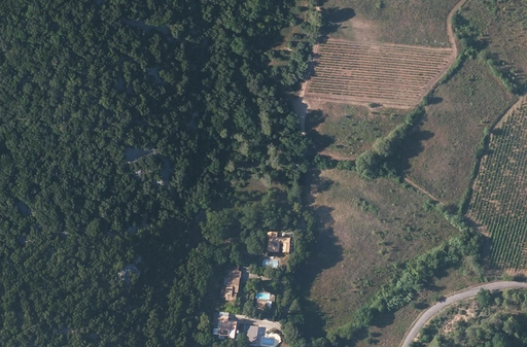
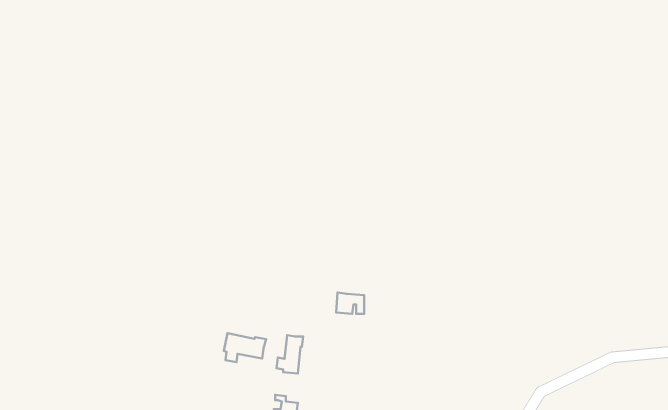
building: none -> [224,333,266,362]

